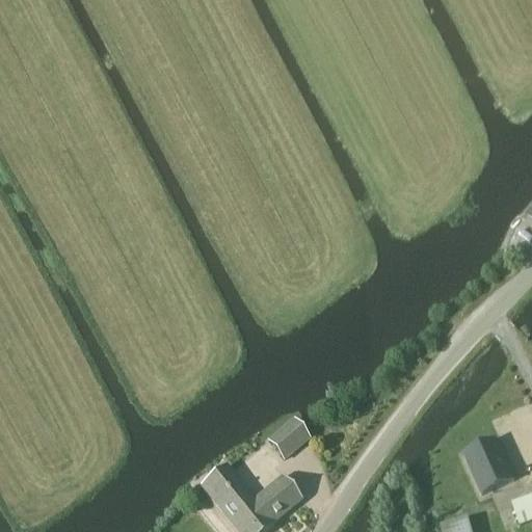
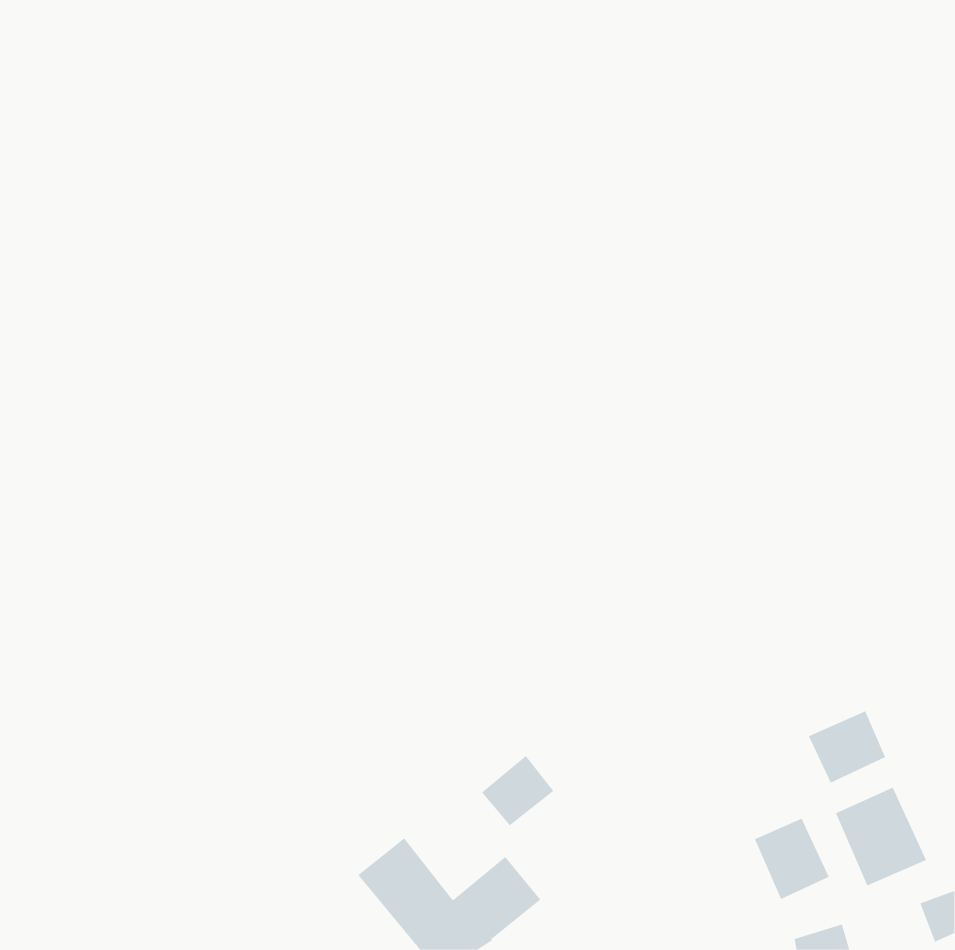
building: none -> [808,711,886,784]
building: none -> [754,818,830,900]

